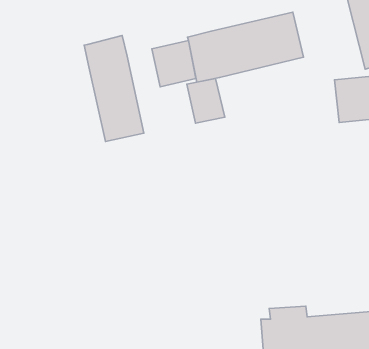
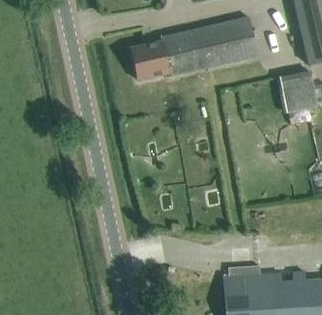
building: [84,36,144,141] -> none
building: [187,78,225,123] -> none

